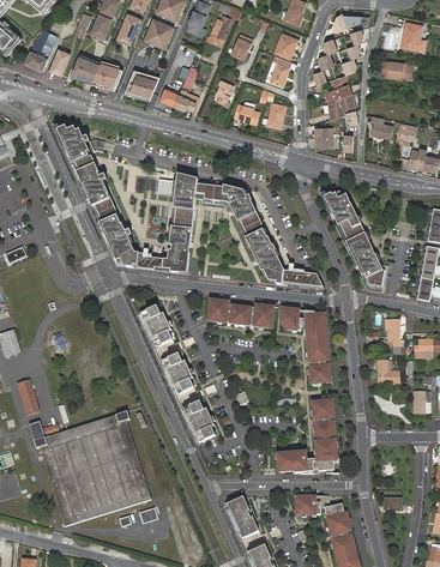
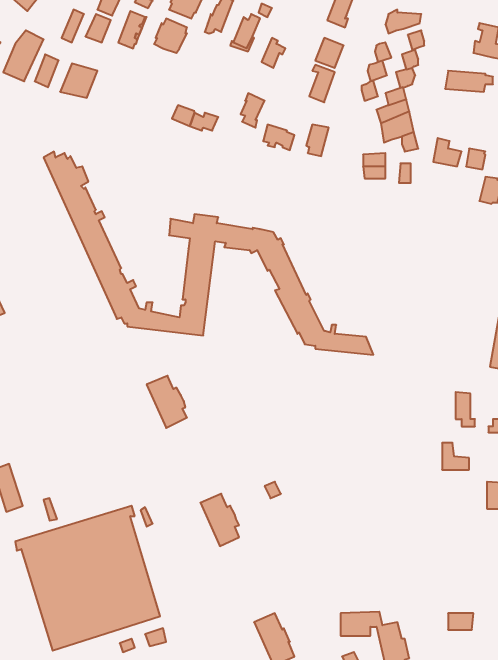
building: [92,60,123,90] -> none
building: [125,68,159,99] -> none
building: [324,191,385,286] -> none
building: [207,298,273,327] -> none
building: [281,307,331,385] -> none
building: [162,354,193,394] -> none
building: [277,398,338,473] -> none

